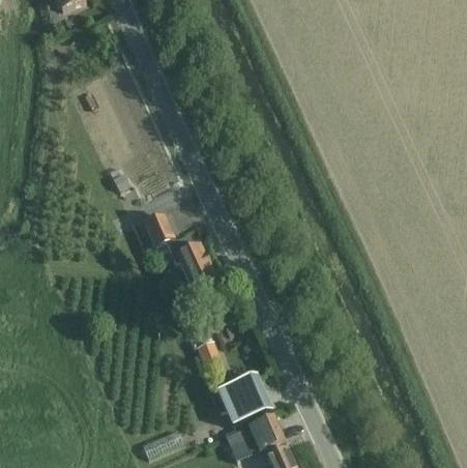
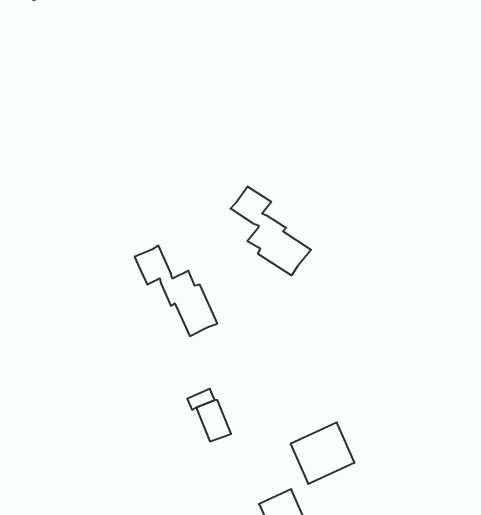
building: none -> [230,186,311,275]
building: [216,372,269,422] -> [291,422,355,484]

